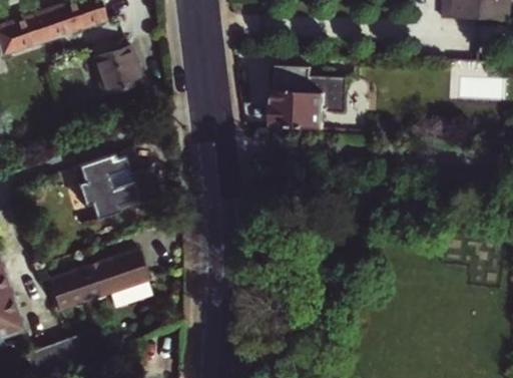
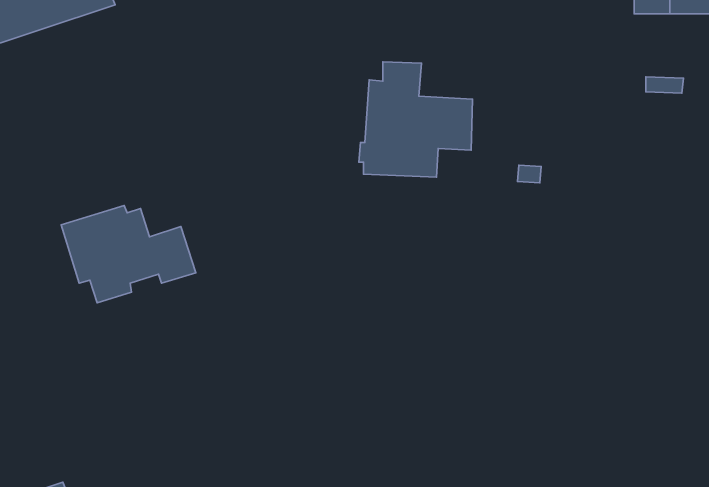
building: [91,42,141,92] -> none
building: [46,252,146,312] -> none

